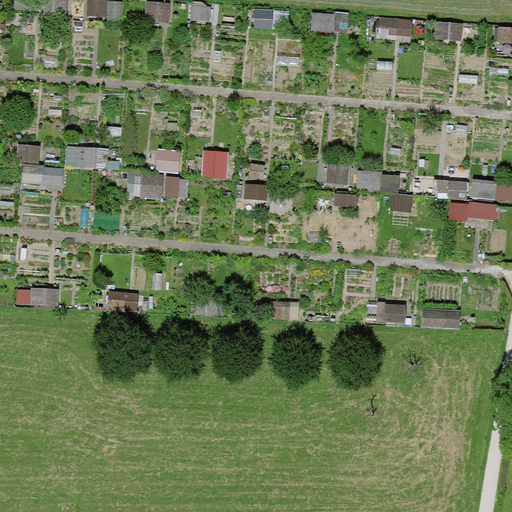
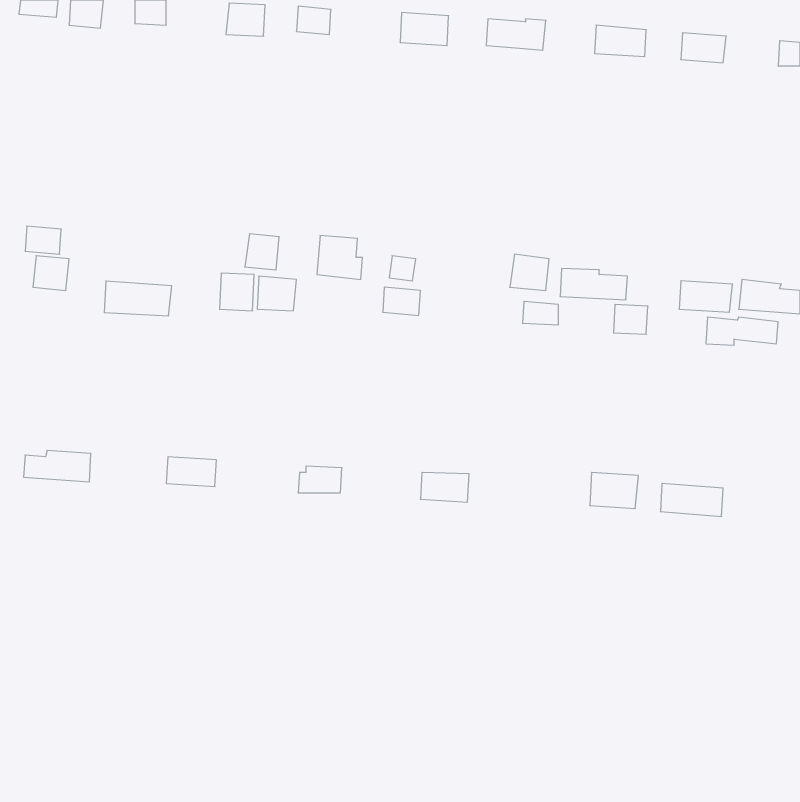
building: [66,146,109,168] -> [104,281,172,316]

